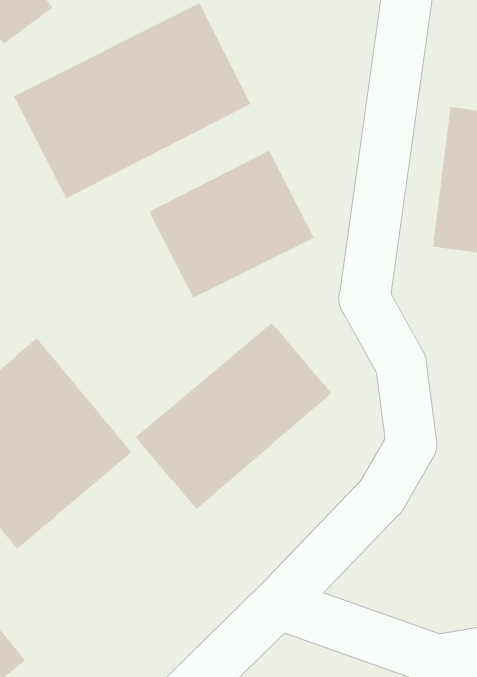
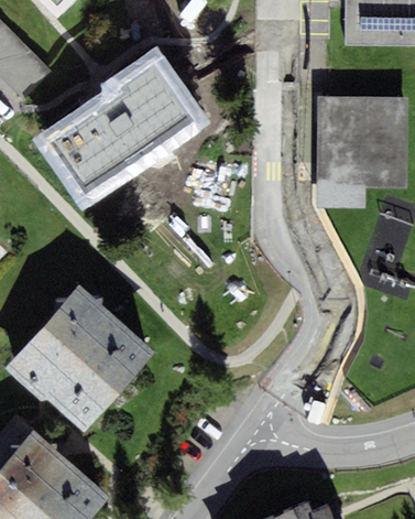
building: [148,149,315,299] -> none
building: [135,322,333,510] -> none

